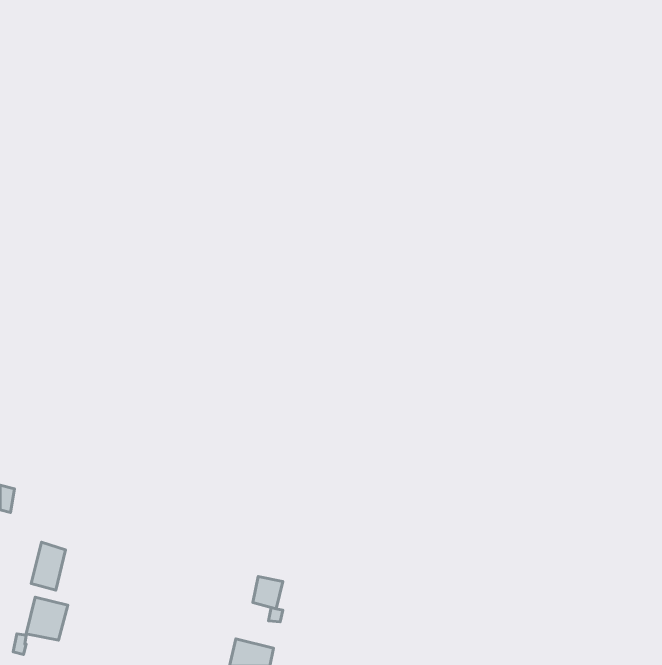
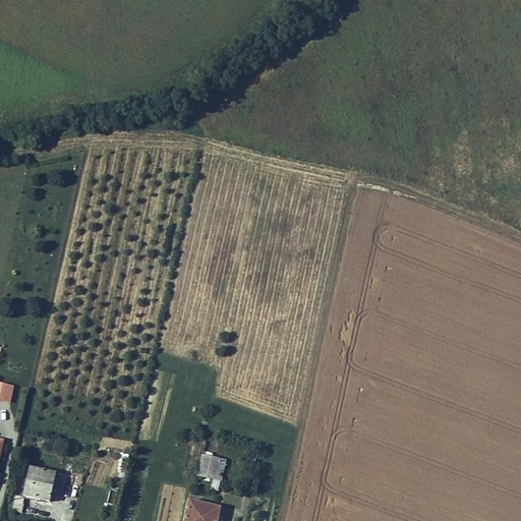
building: [31,542,66,590] -> none

